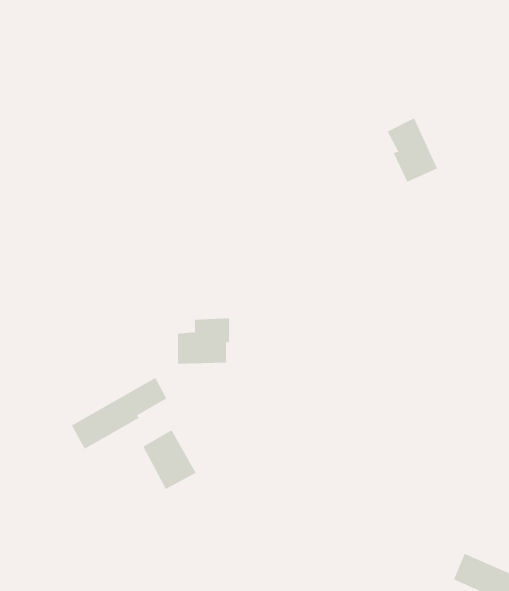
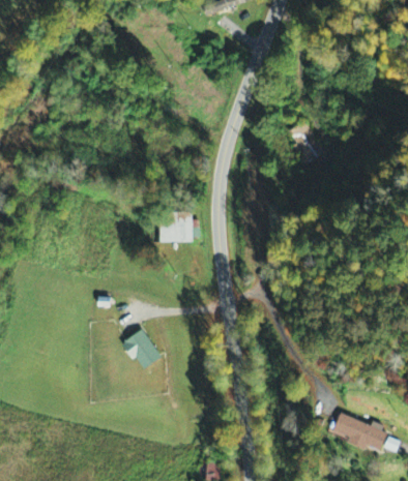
building: [177,318,230,364] -> [157,212,193,243]
building: [71,377,167,450] -> none

